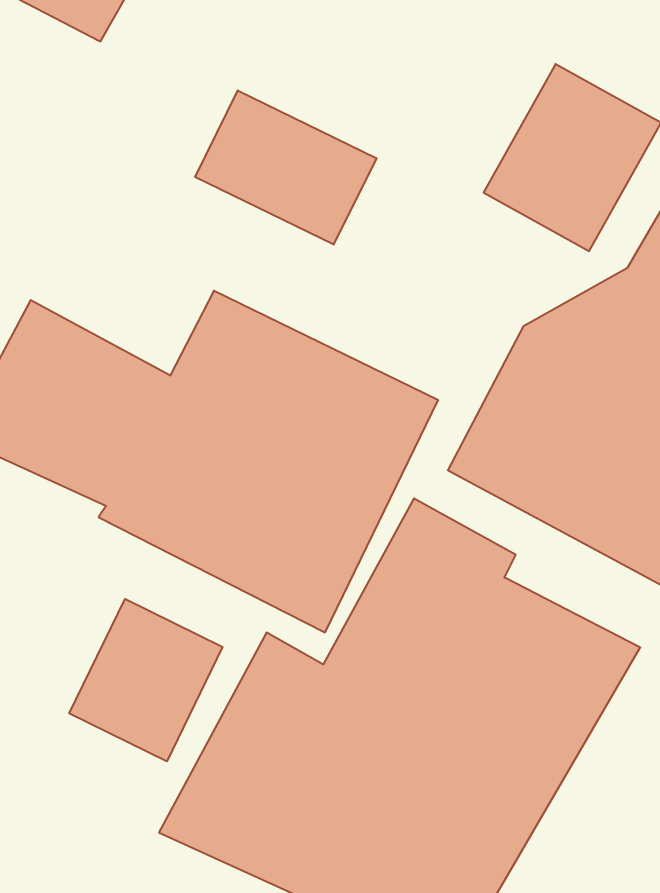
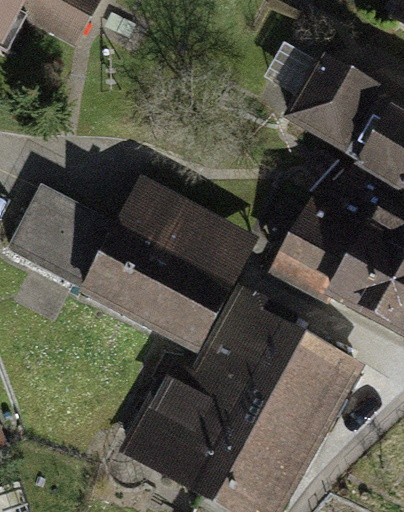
building: [195,90,376,245] -> none
building: [69,599,223,761] -> none

